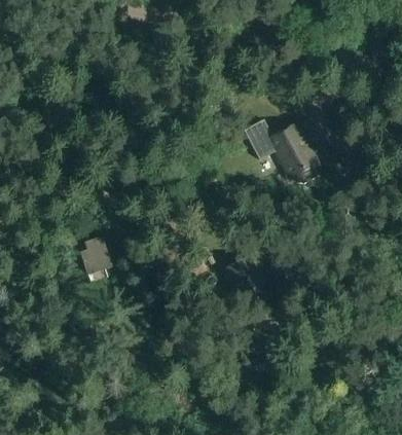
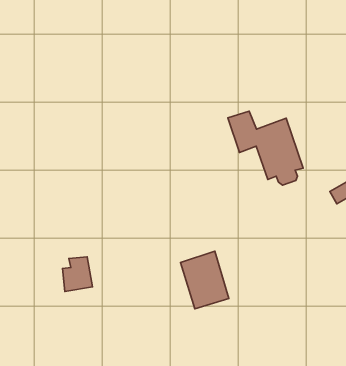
building: [83,237,113,271] -> [63,257,92,292]

